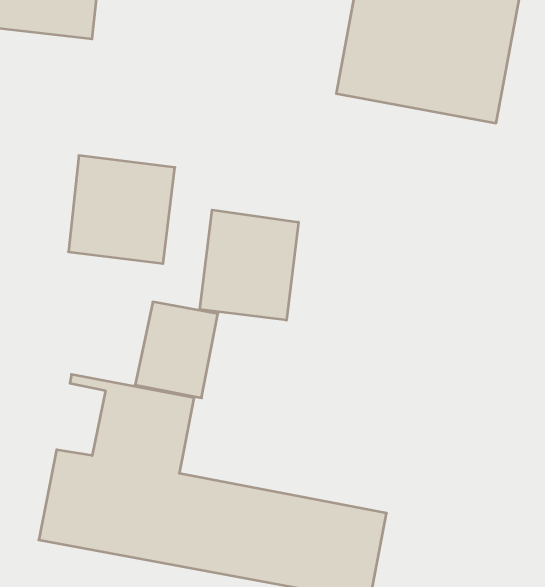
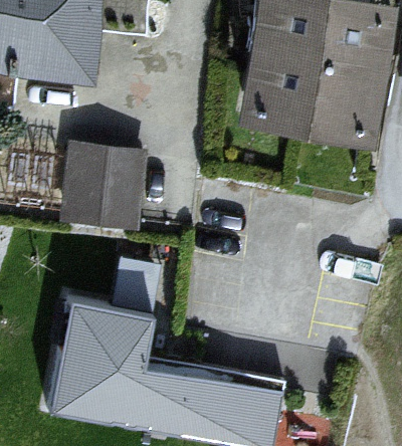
building: [200,210,298,320] -> none

